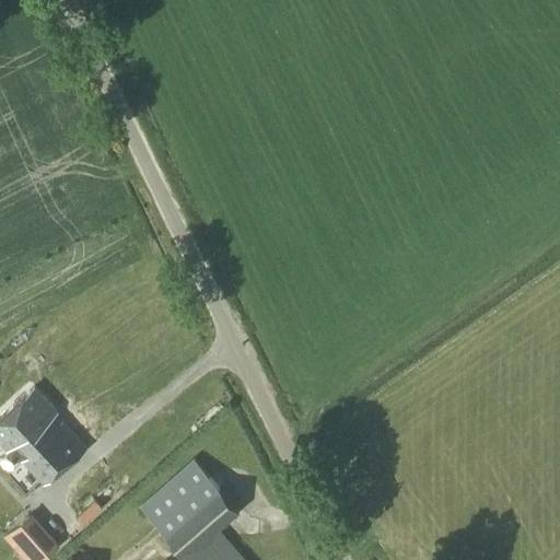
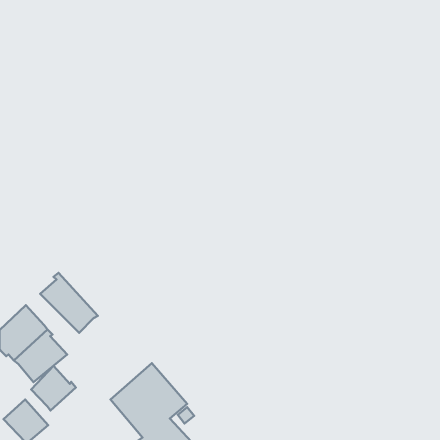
building: none -> [40,273,98,333]
building: none -> [31,366,76,411]

